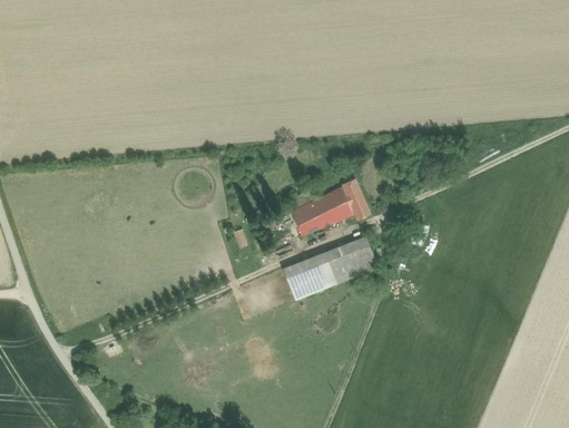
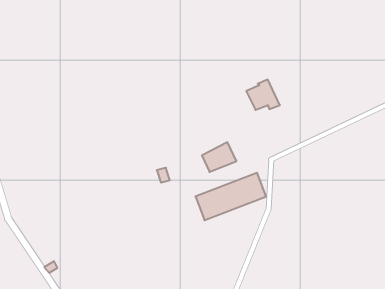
building: [326,178,372,220] -> [246,80,280,110]

